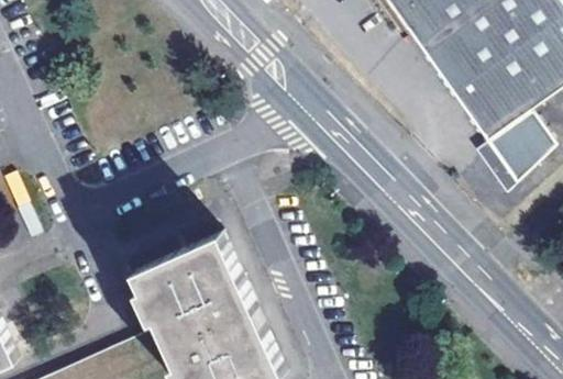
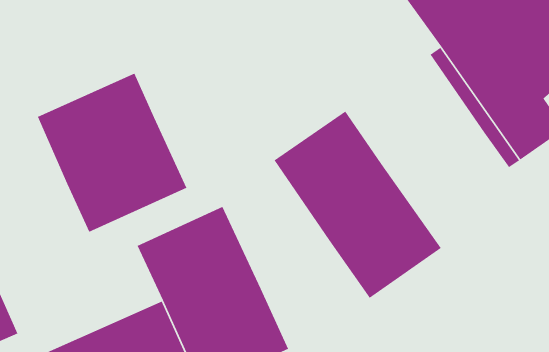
building: none -> [37,73,188,233]
building: none -> [273,110,442,299]

